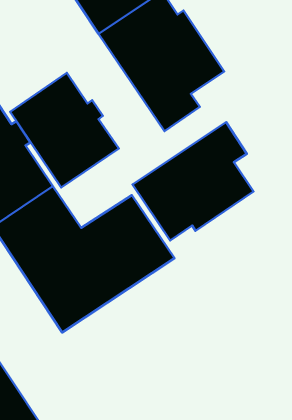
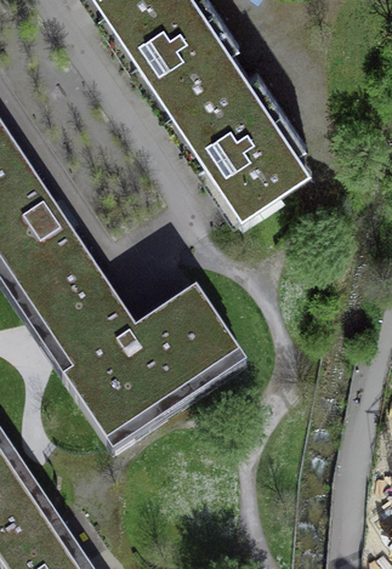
building: [10,73,119,187] -> none
building: [132,122,254,240] -> none

